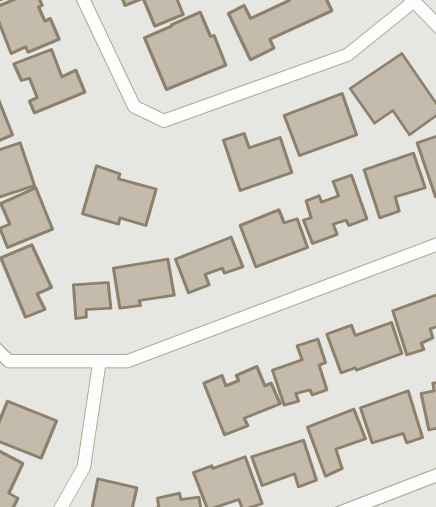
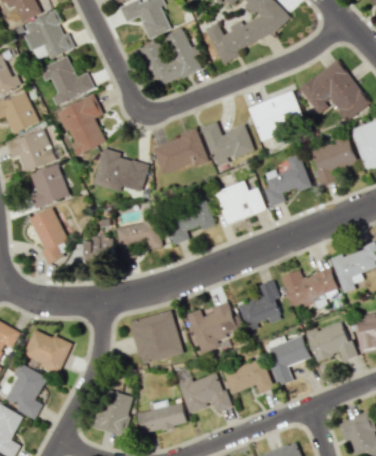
building: none -> [57,95,106,156]
building: none -> [152,130,208,174]
building: none -> [130,312,182,364]

